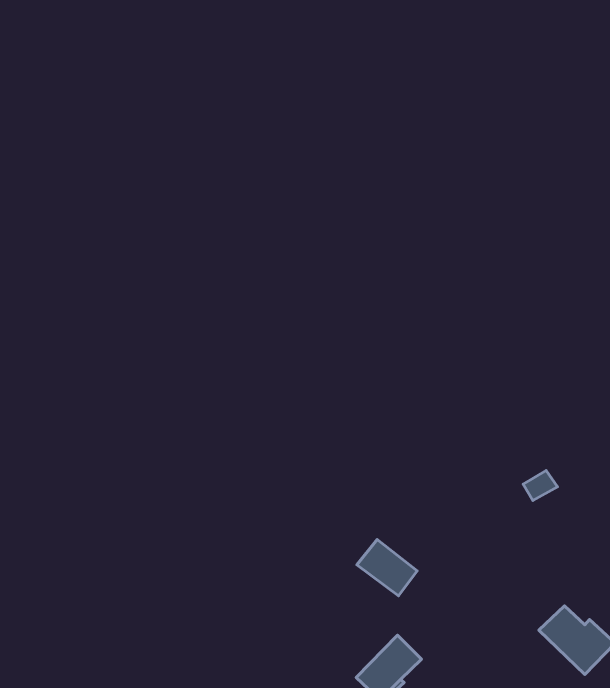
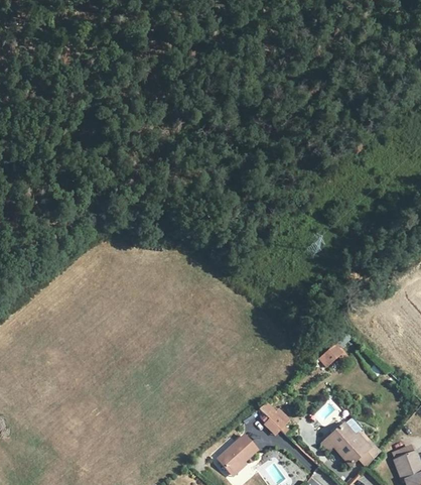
building: [357,539,417,596] -> [255,399,290,434]

